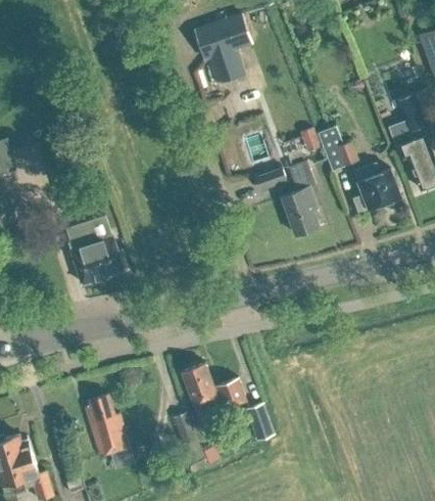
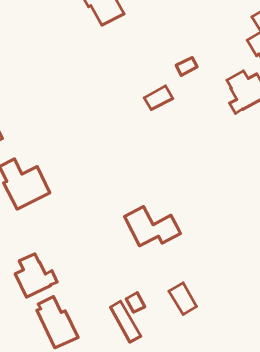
building: [318,126,357,171] -> none
building: [280,161,318,235] -> none
building: none -> [15,254,57,297]
building: [180,363,243,410] -> [124,207,181,246]

